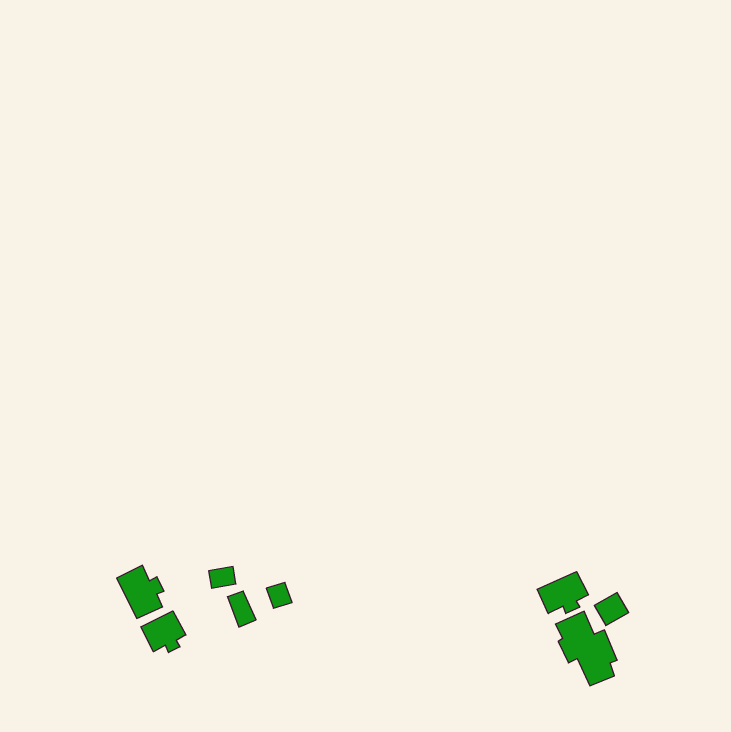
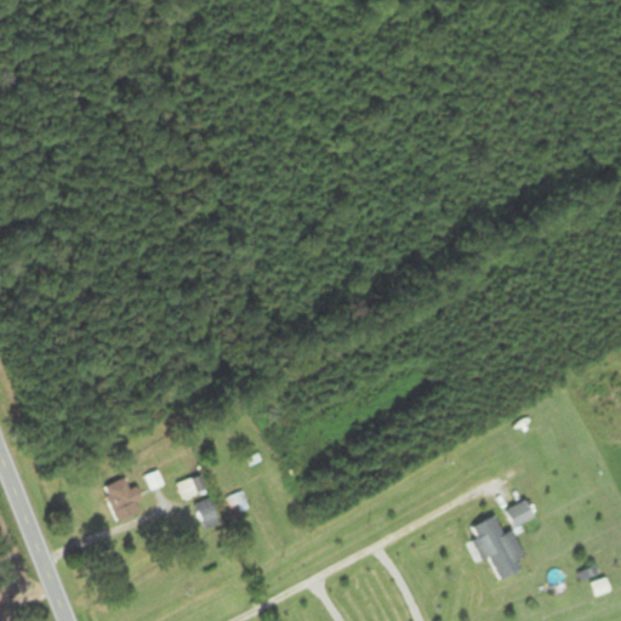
building: [537,572,588,614] -> none
building: [141,611,186,653] -> none

